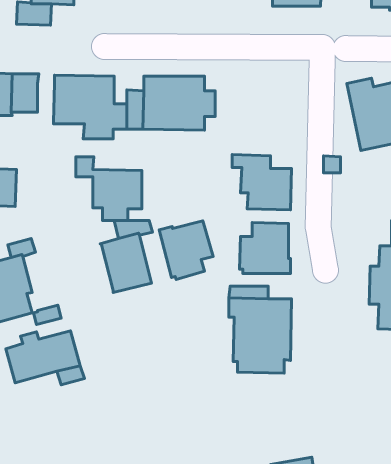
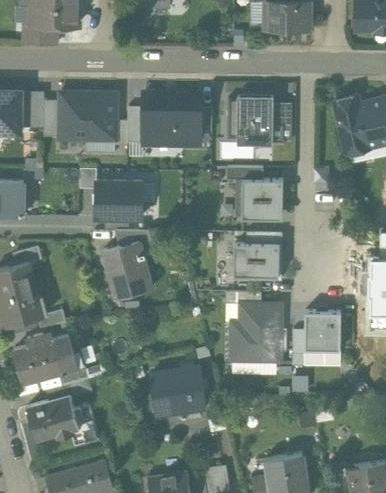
building: none -> [226,96,291,144]
building: none -> [43,101,59,137]
building: [159,221,213,280] -> none
building: none -> [291,311,340,366]
building: none -> [149,366,205,415]
building: none -> [26,396,83,439]

